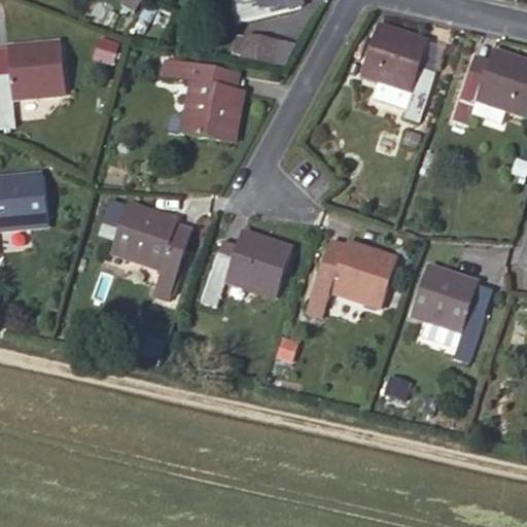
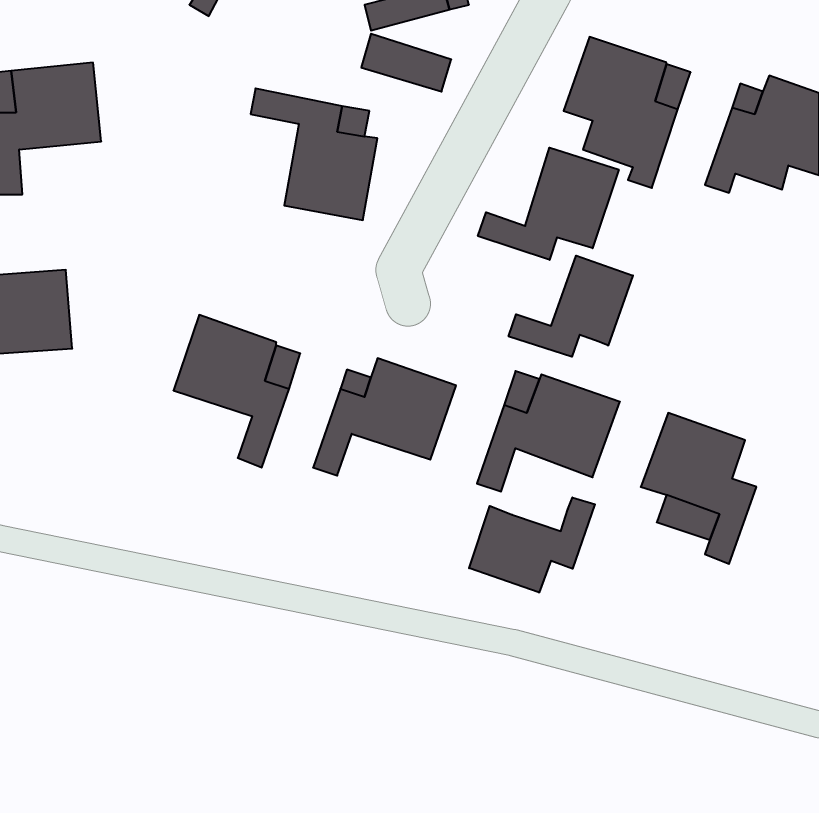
building: none -> [478,148,619,260]
building: none -> [509,256,633,357]
building: none -> [469,497,595,593]

